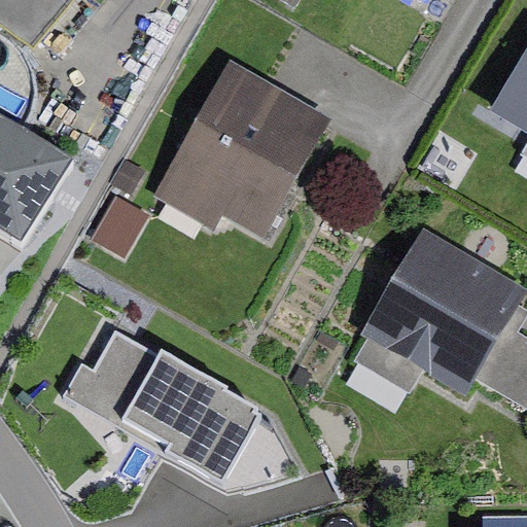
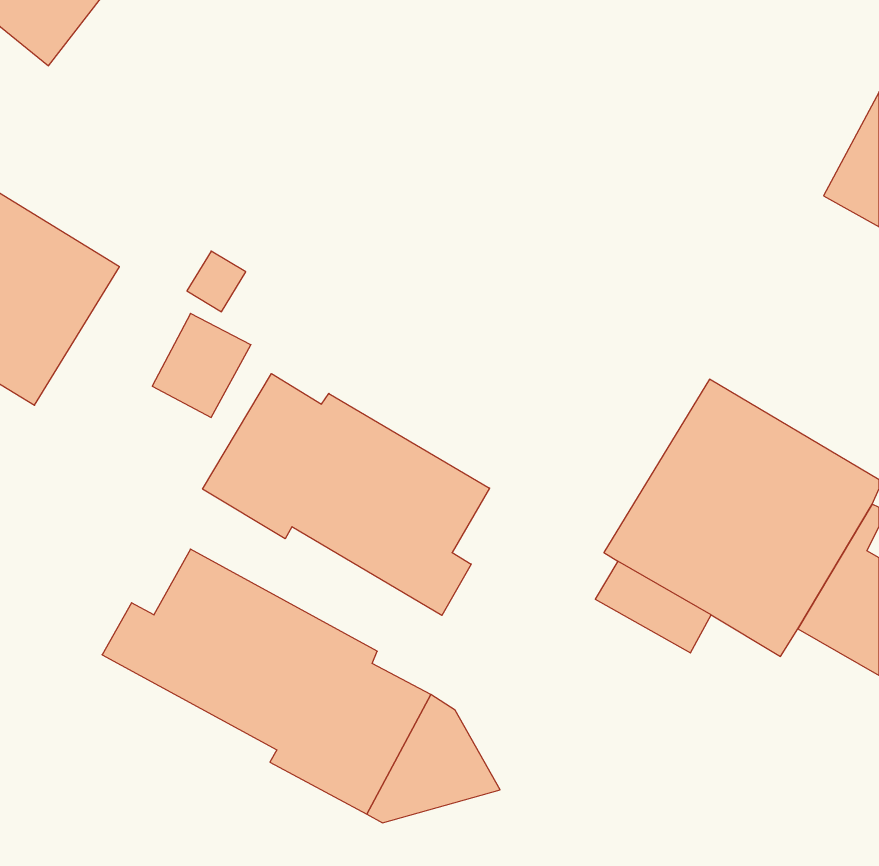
building: [166,73,338,244] -> none
building: none -> [203,374,490,615]

